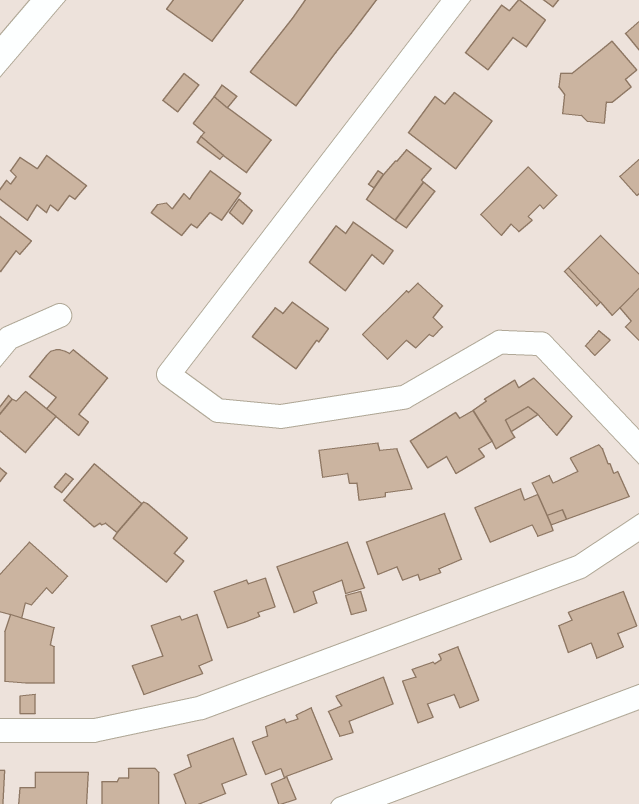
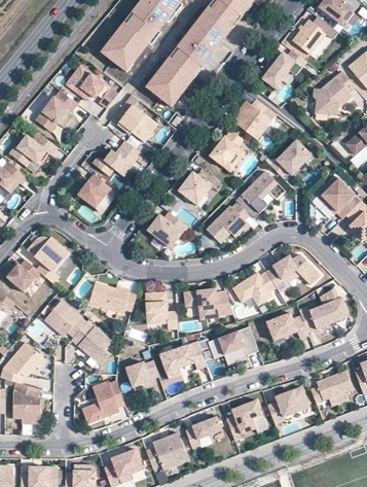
building: none -> [70,66,105,102]
building: none -> [35,92,77,133]
building: none -> [235,171,285,218]
building: none -> [77,175,111,210]
building: none -> [89,282,137,314]
building: none -> [145,291,179,328]
building: none -> [269,385,311,422]

